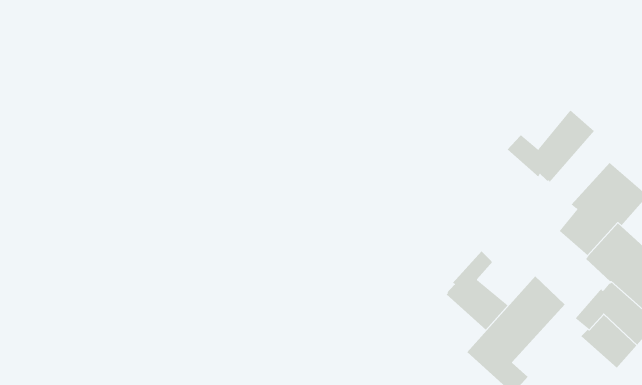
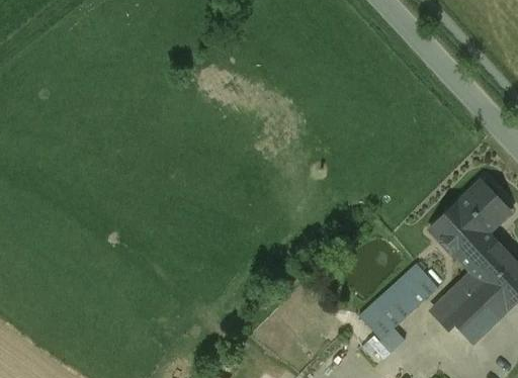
building: [507,109,595,183] -> none
building: [446,251,509,330] -> none

